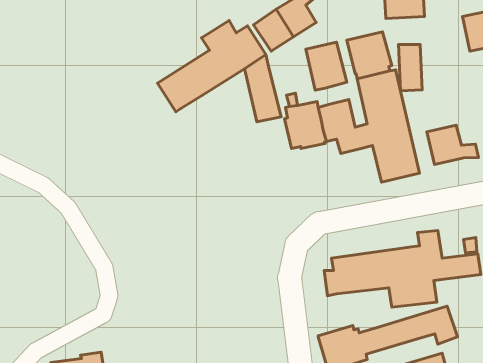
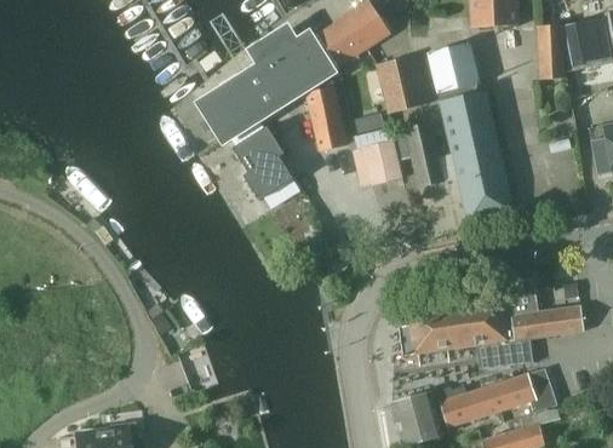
building: [399,45,422,91] -> [535,25,563,80]
building: none -> [229,119,292,200]
building: [427,125,478,164] -> none

